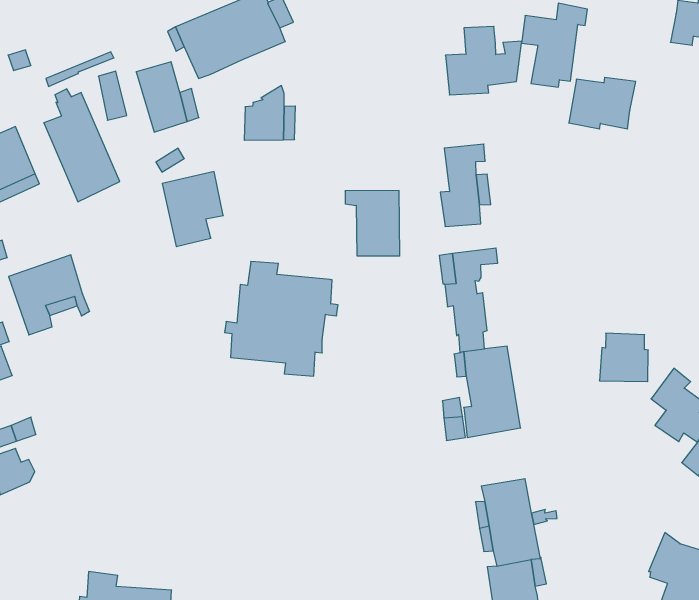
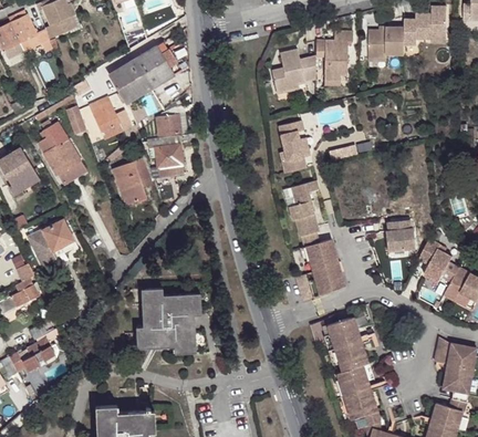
building: [569,77,636,129] -> [368,28,405,59]
building: [345,191,400,256] -> [147,136,185,178]
building: [225,262,338,376] -> [136,289,201,354]

